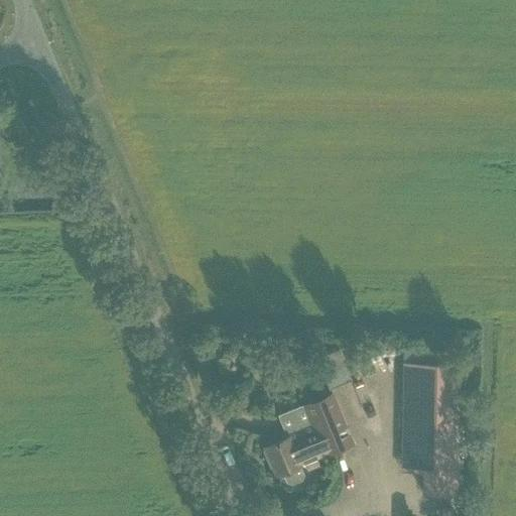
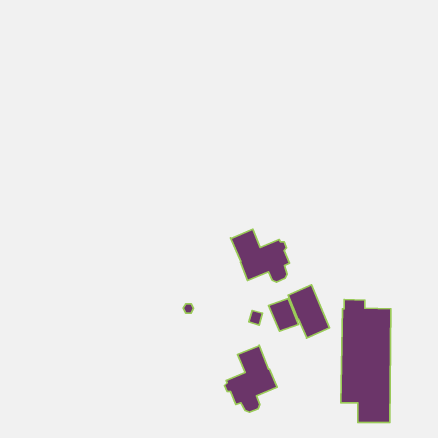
building: none -> [231,229,290,282]
building: [305,394,354,457] -> [288,285,330,338]

